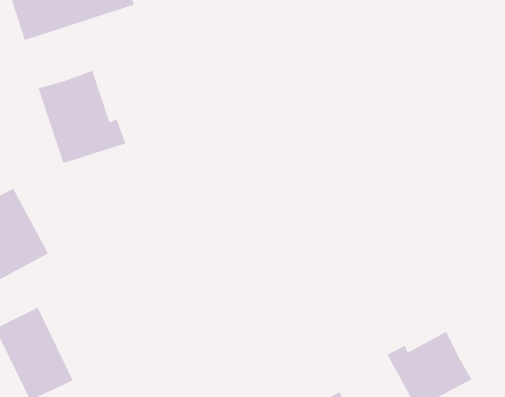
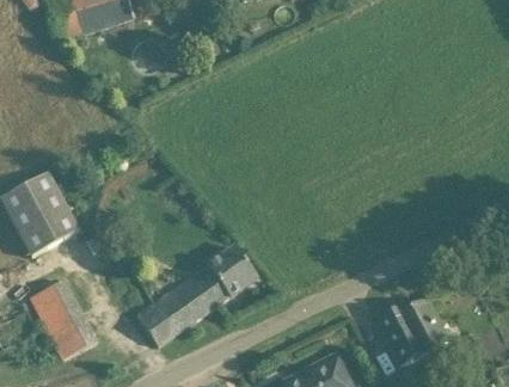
building: [38,70,126,164] -> none
building: none -> [136,246,258,346]

